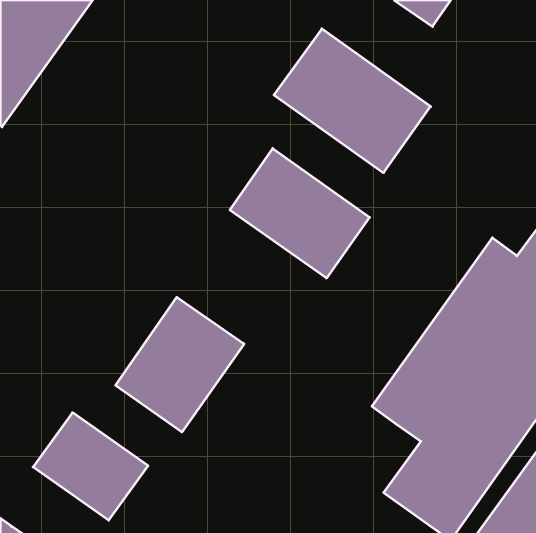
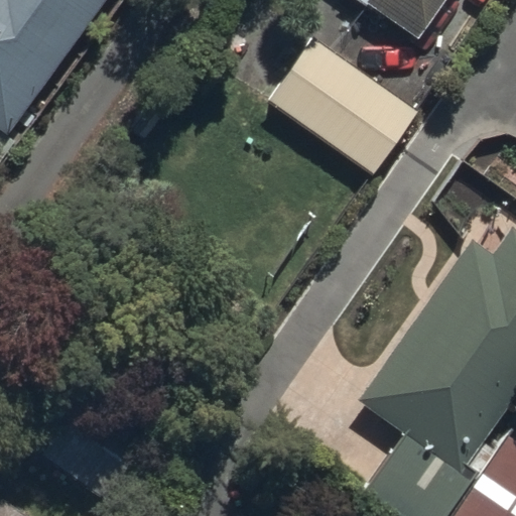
building: [230,148,370,278] -> none
building: [116,297,244,432] -> none

